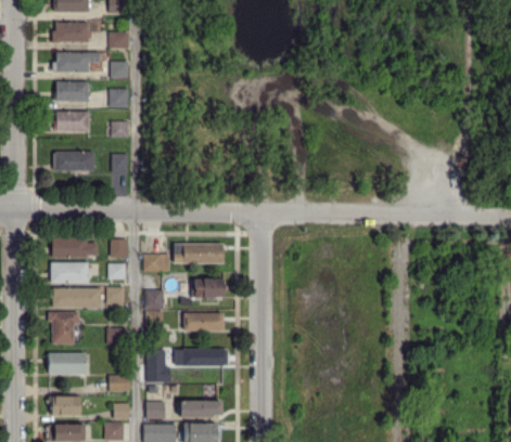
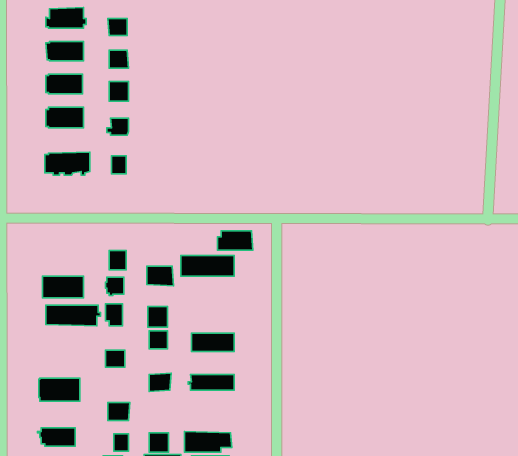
building: [53,237,97,258] -> none
building: [193,280,225,297] -> [218,231,253,250]
building: [49,312,78,343] -> none

